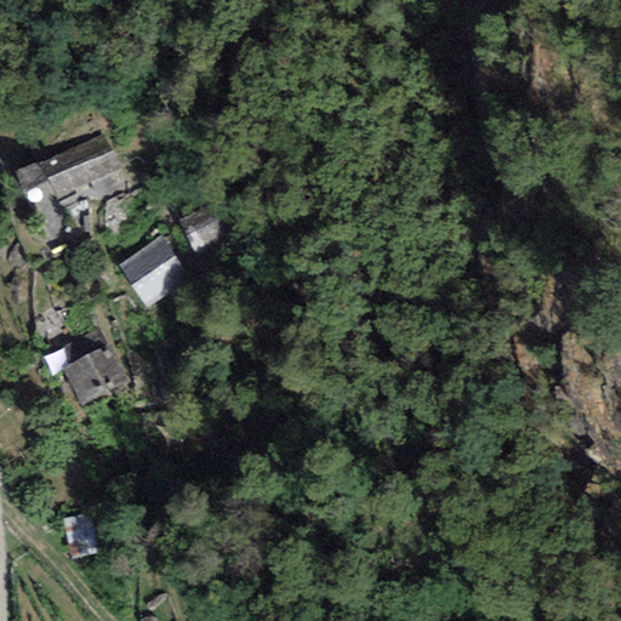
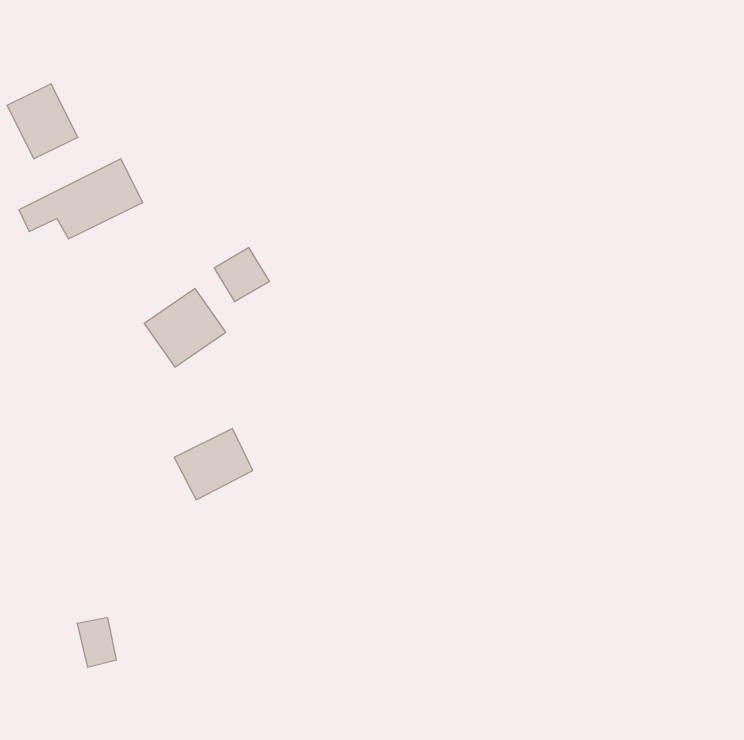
building: none -> [7,84,78,159]
building: [62,346,127,405] -> [174,428,253,500]

